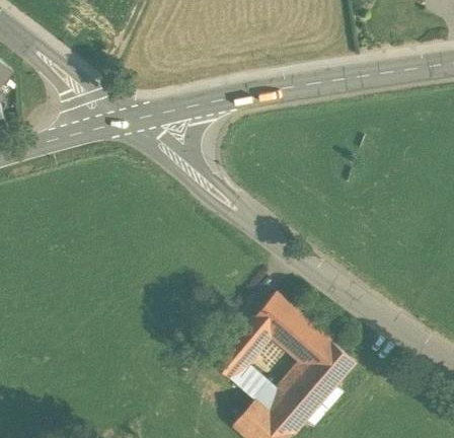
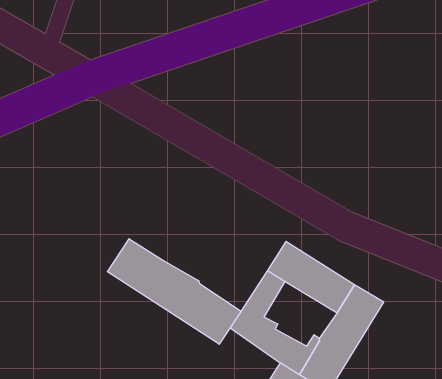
building: none -> [107,239,241,344]

